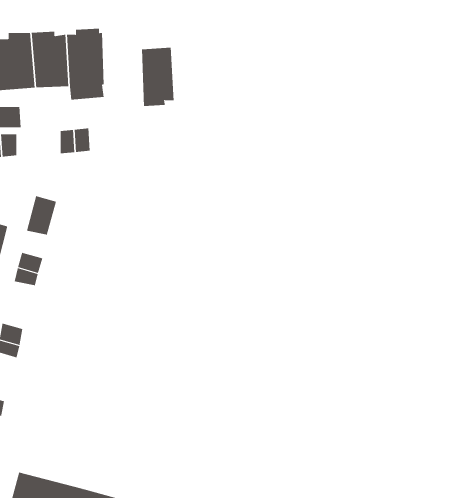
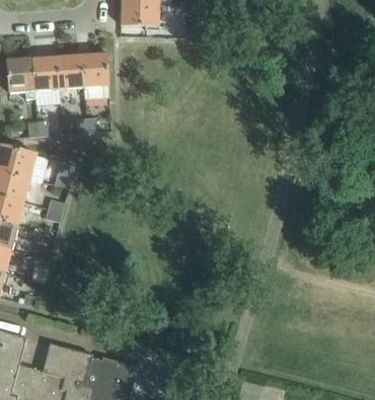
building: [141,47,174,107] -> none

